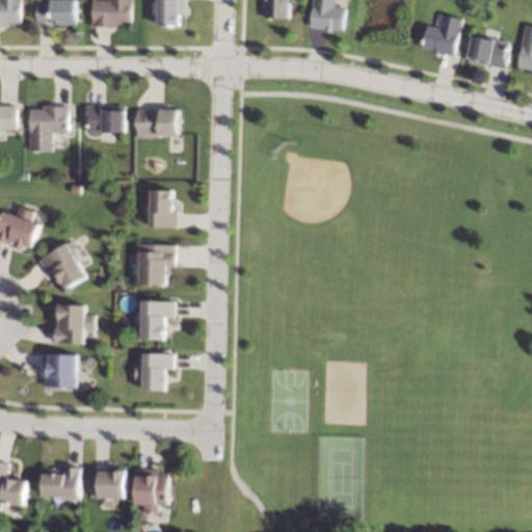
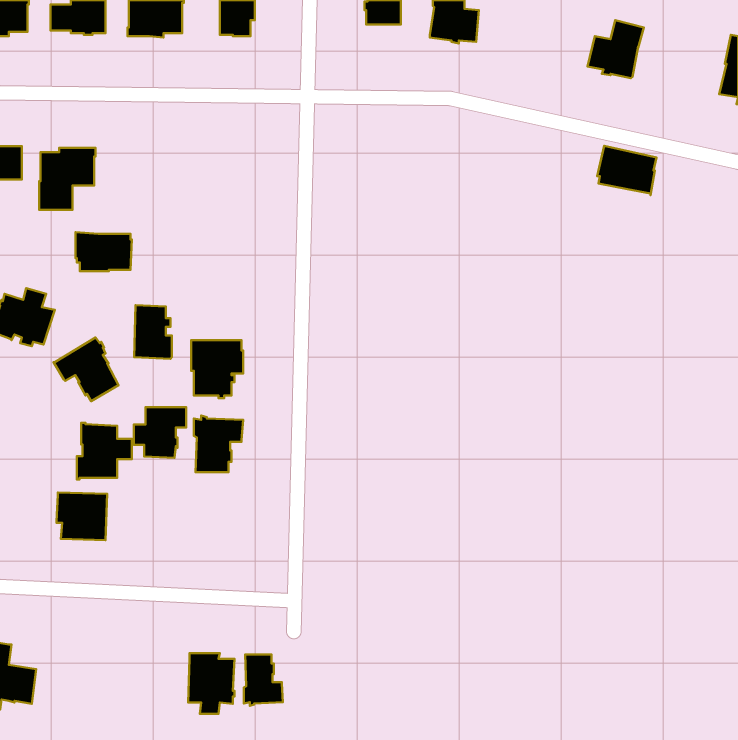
building: [467,34,509,70] -> [597,146,656,195]
building: [85,105,126,133] -> [75,232,132,271]
building: [136,108,178,137] -> none
building: [150,189,177,228] -> [134,305,172,359]
building: [135,353,172,390] -> [134,407,186,458]
building: [43,467,79,501] -> none
building: [89,468,125,498] -> none
building: none -> [244,654,283,706]

